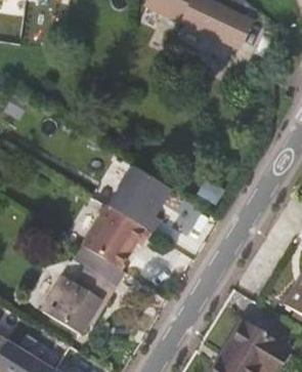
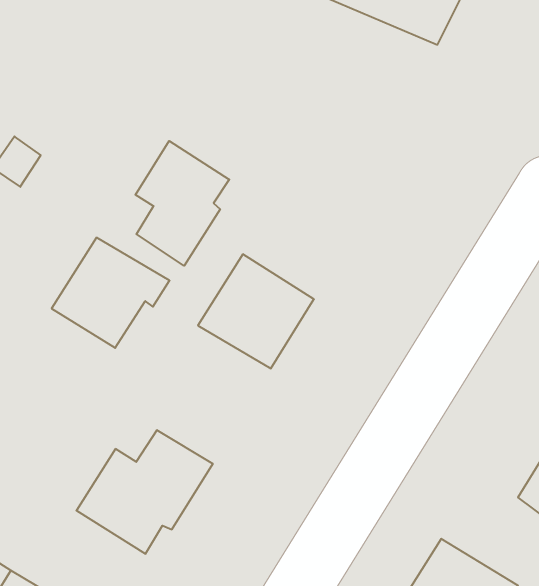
building: none -> [135,141,229,266]
building: [85,205,149,265] -> [52,238,170,348]

